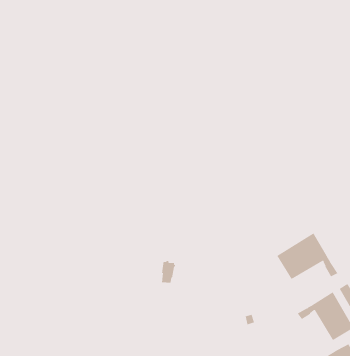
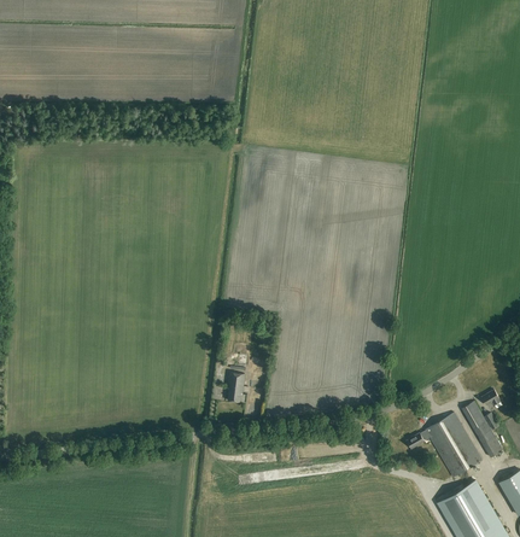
building: [277,232,338,280] -> none

